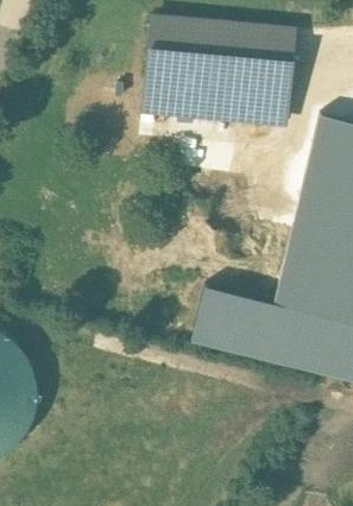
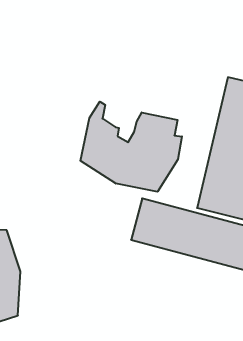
building: [139,20,291,115] -> none
building: none -> [80,102,182,192]

